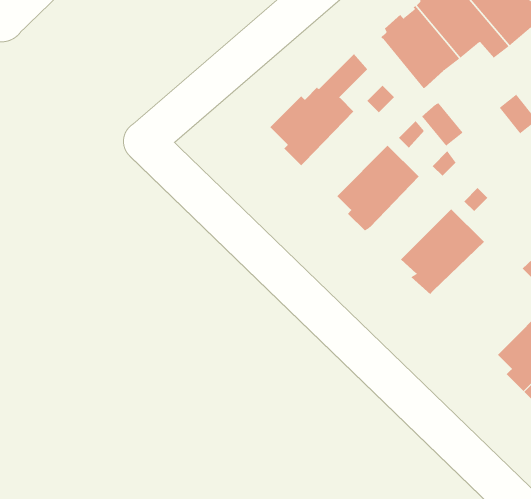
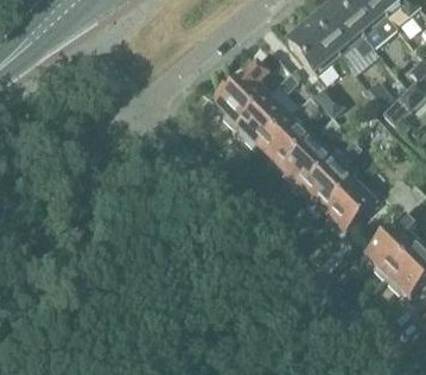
building: none -> [236,90,292,150]
building: none -> [280,134,335,192]
building: none -> [323,178,380,235]

